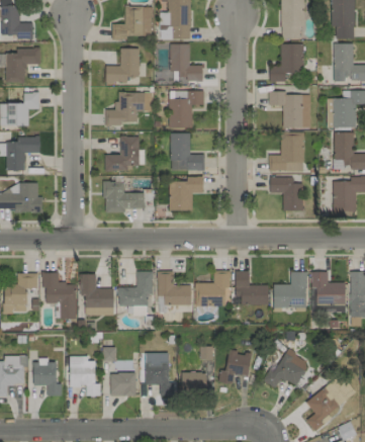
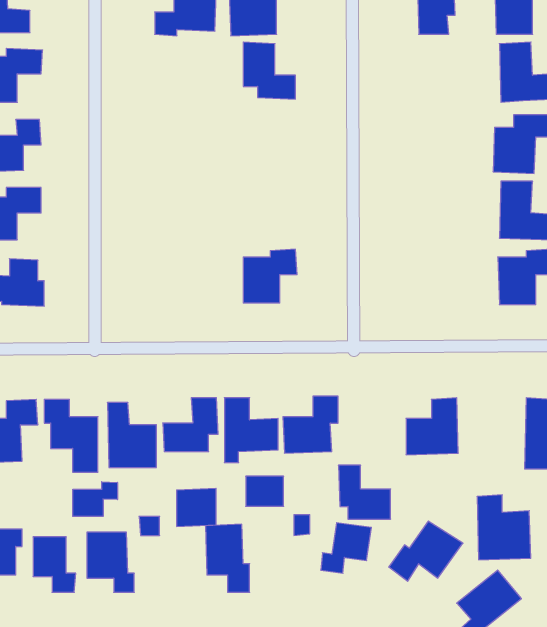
building: [269,43,304,82] -> none
building: [105,48,139,82] -> none
building: [169,90,203,127] -> none
building: [268,91,310,127] -> none
building: [105,92,153,126] -> none
building: [170,132,204,170] -> none
building: [269,132,303,171] -> none
building: [104,136,139,169] -> none
building: [269,177,302,210] -> none
building: [104,181,144,212] -> none
building: [235,270,268,304] -> [338,465,391,519]
building: [310,271,345,313] -> [477,495,531,560]
building: none -> [73,482,117,516]
building: [110,372,135,396] -> [177,488,216,526]
building: [181,372,205,391] -> [246,476,284,506]

